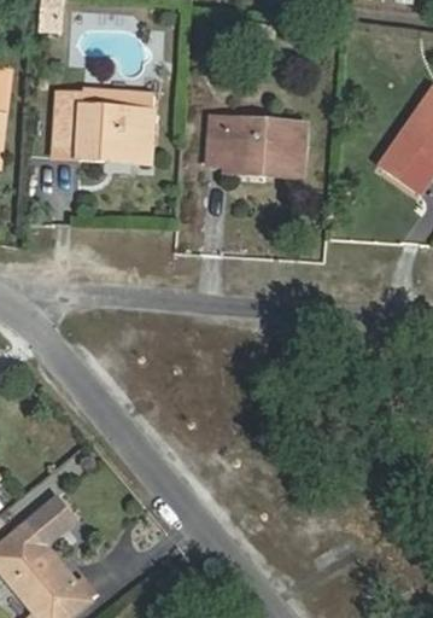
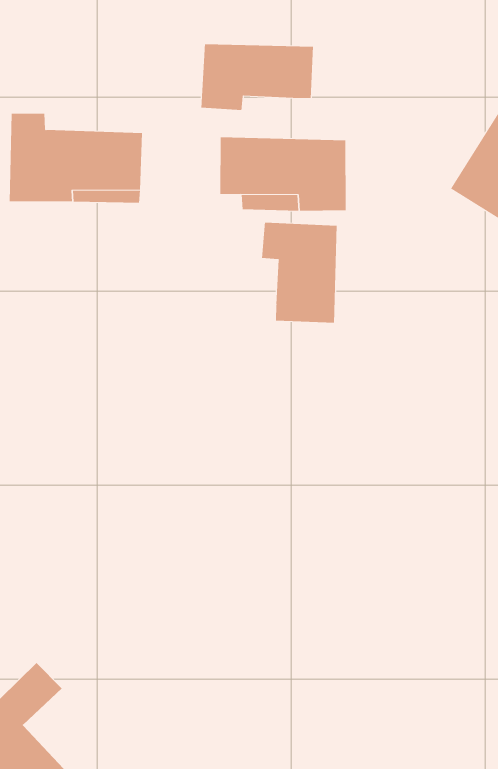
building: none -> [201,43,314,111]
building: none -> [261,222,337,324]

